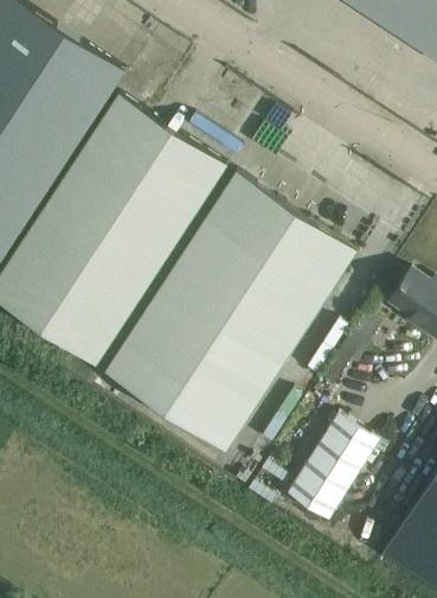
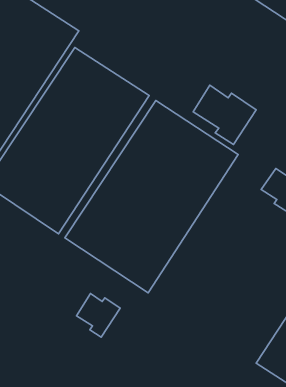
building: none -> [193,85,256,144]
building: [287,414,379,520] -> none
building: none -> [76,294,120,337]

